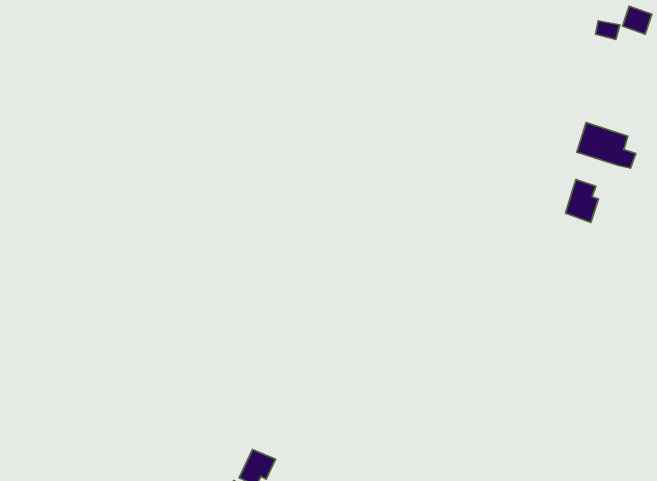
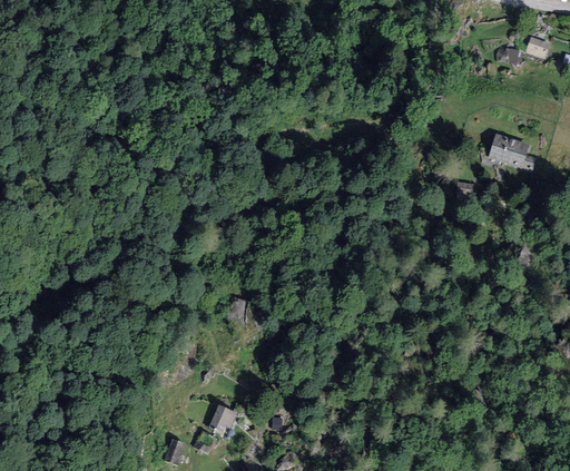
building: [565,180,598,223] -> none

